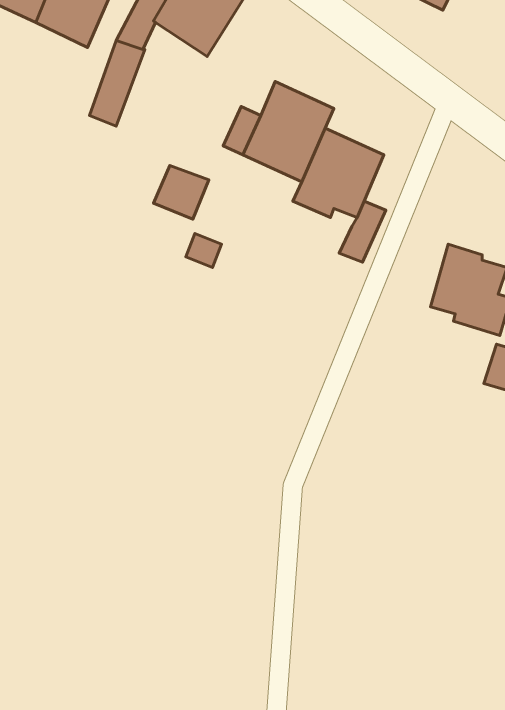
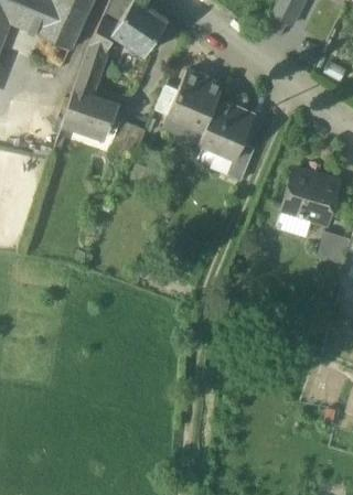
building: none -> [62,92,117,137]

